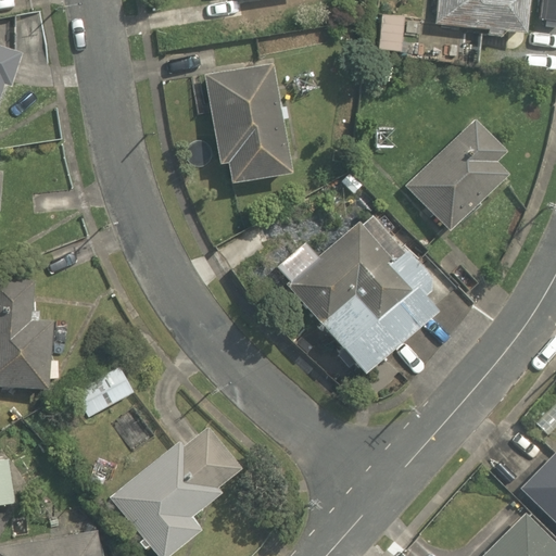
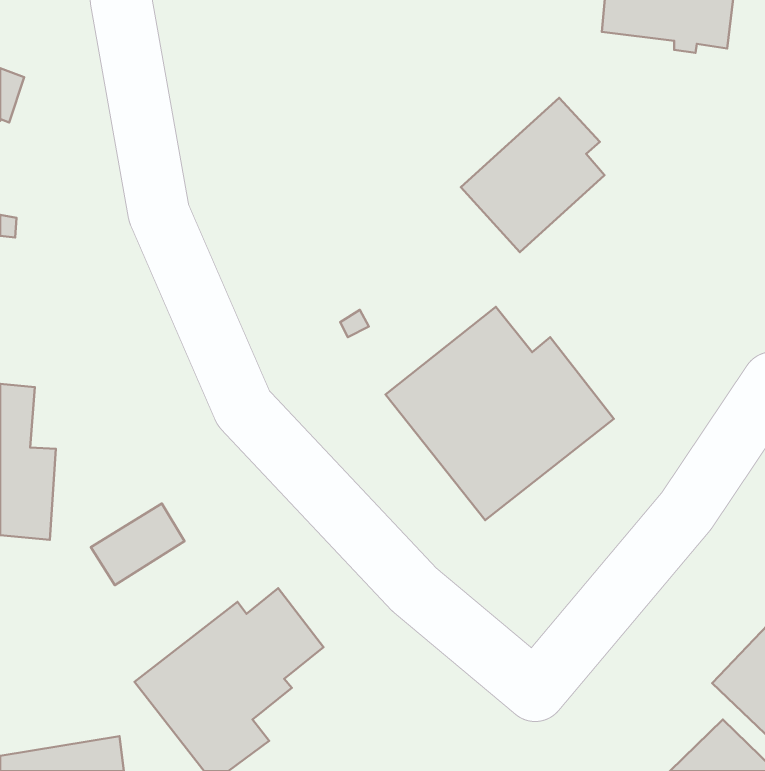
building: [207,64,293,184] -> none
building: [407,121,510,231] -> [461,98,604,252]

